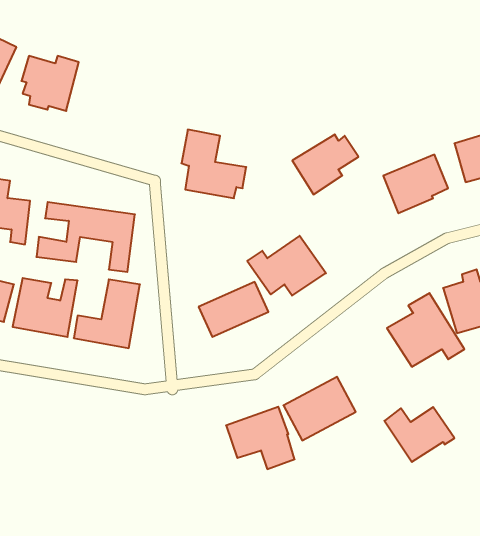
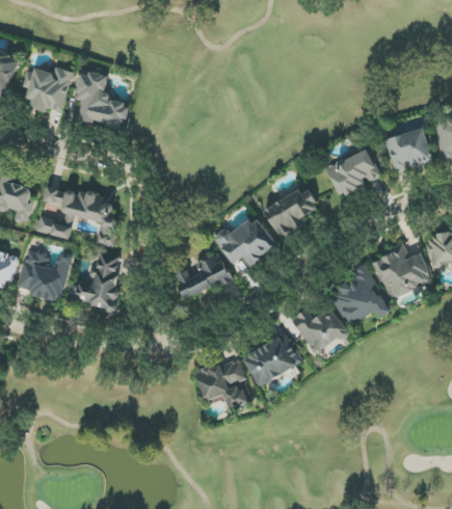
building: [181,130,246,198] -> [75,71,129,128]
building: [292,134,358,194] -> [263,189,318,239]
building: [384,407,454,462] -> [291,309,349,354]

